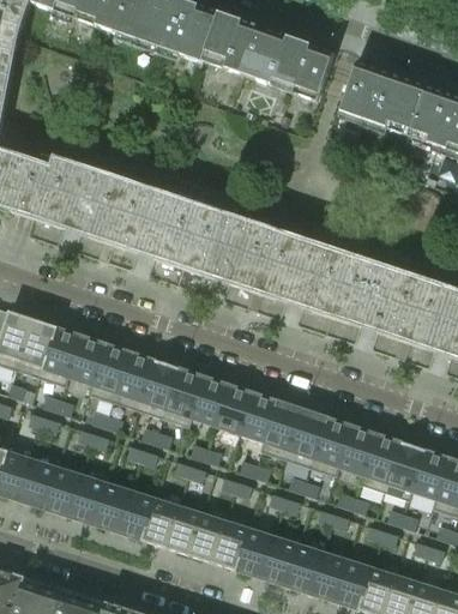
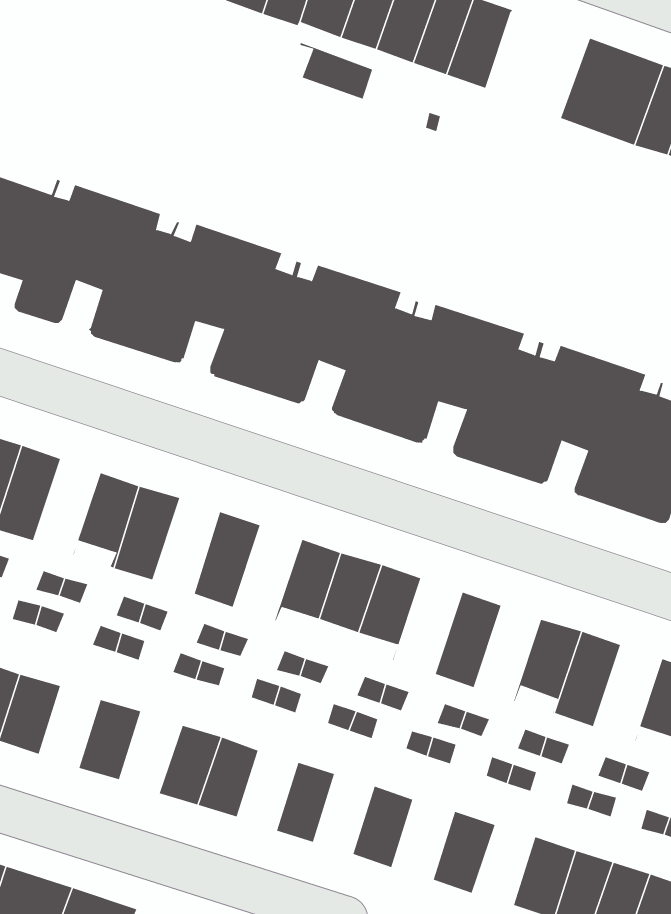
building: [341,61,381,119] -> none
building: none -> [289,42,373,99]
building: [41,327,82,386] -> none
building: [114,351,155,410] -> none
building: [163,368,205,427] -> none
building: [261,401,303,459] -> none
building: [311,417,351,476] -> none
building: [384,441,426,500] -> none
building: [44,466,82,517] -> none
building: [94,482,132,532] -> none
building: [165,506,203,555] -> none
building: [212,520,249,570] -> none
building: [260,536,299,585] -> none
building: [309,552,348,601] -> none

